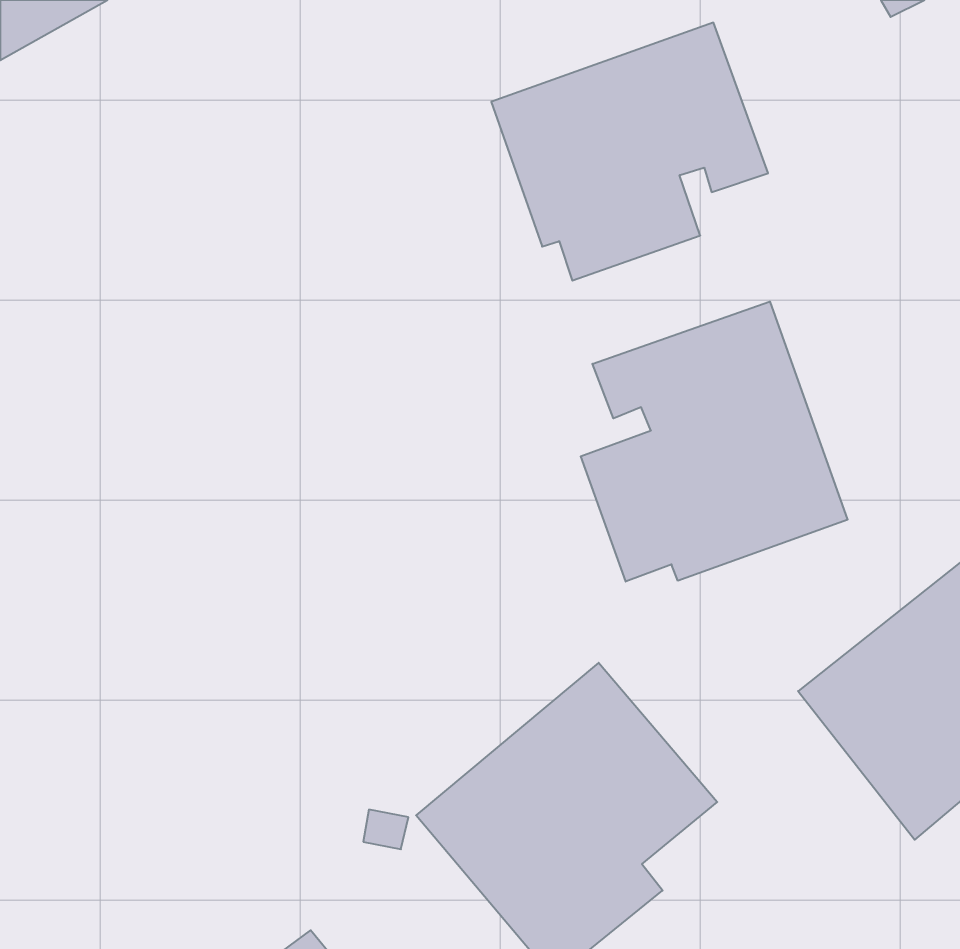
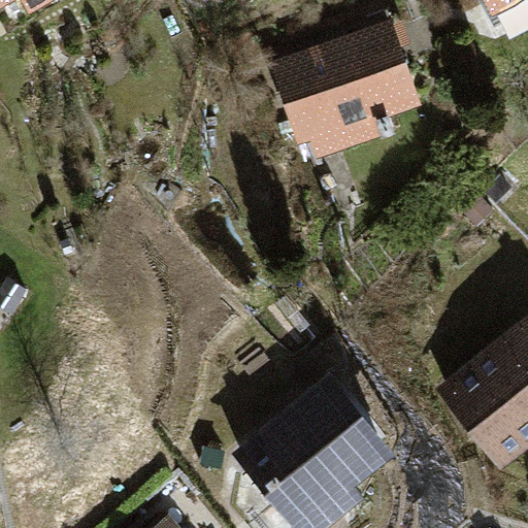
building: [581,302,848,582] -> none

